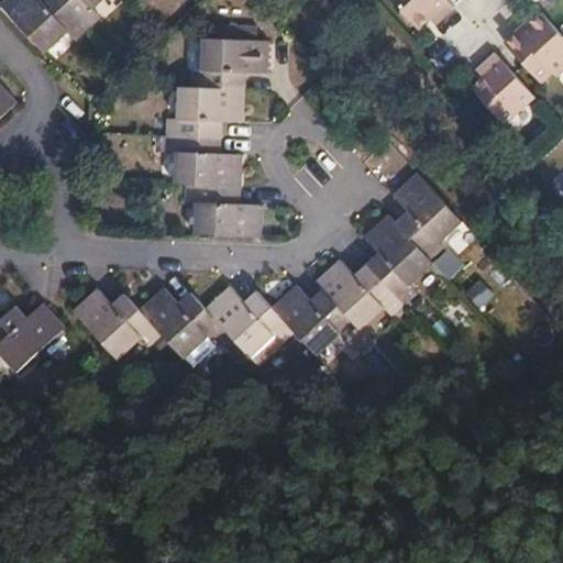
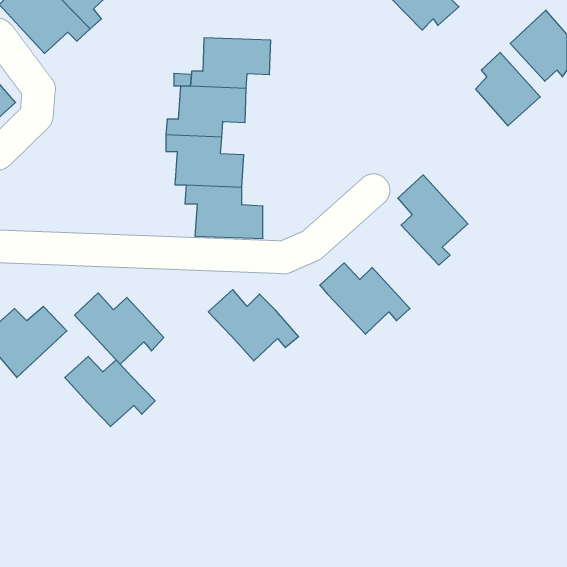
building: [364,214,433,305] -> none
building: [273,285,361,355] -> none
building: [140,288,229,357] -> [65,356,155,427]

